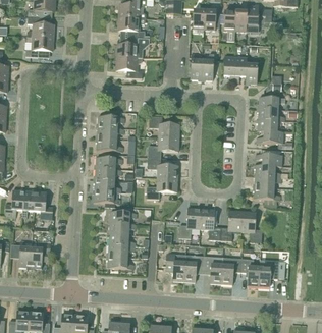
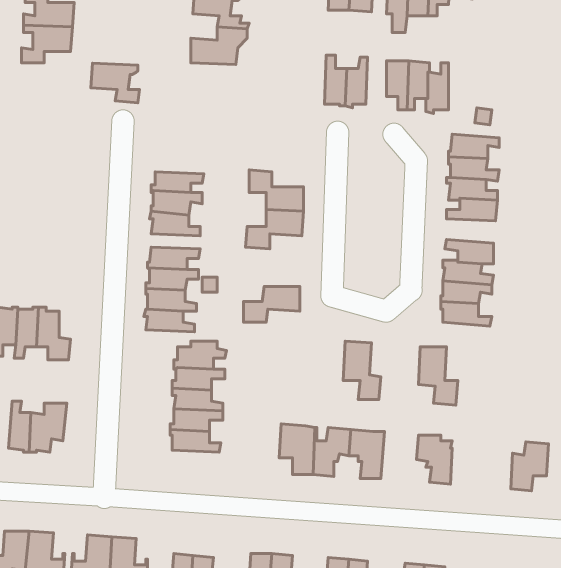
building: [117,57,144,78] -> [91,63,140,103]
building: [148,157,178,178] -> none
building: [179,208,202,238] -> none
building: [220,210,243,240] -> none
building: [221,257,242,283] -> none
building: [259,260,279,286] -> [511,442,548,491]

